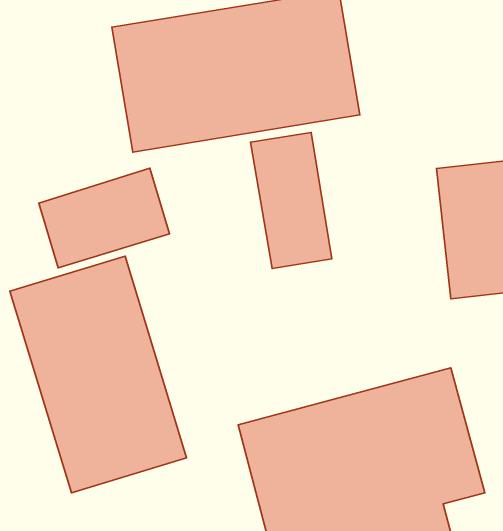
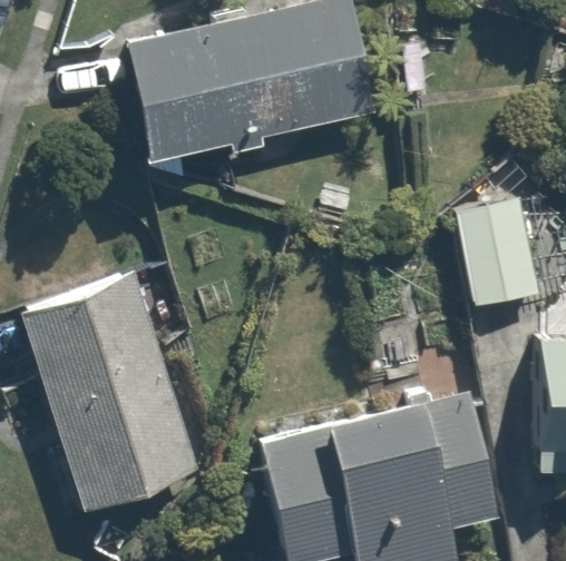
building: [250,132,332,269] -> none
building: [39,168,170,268] -> none

